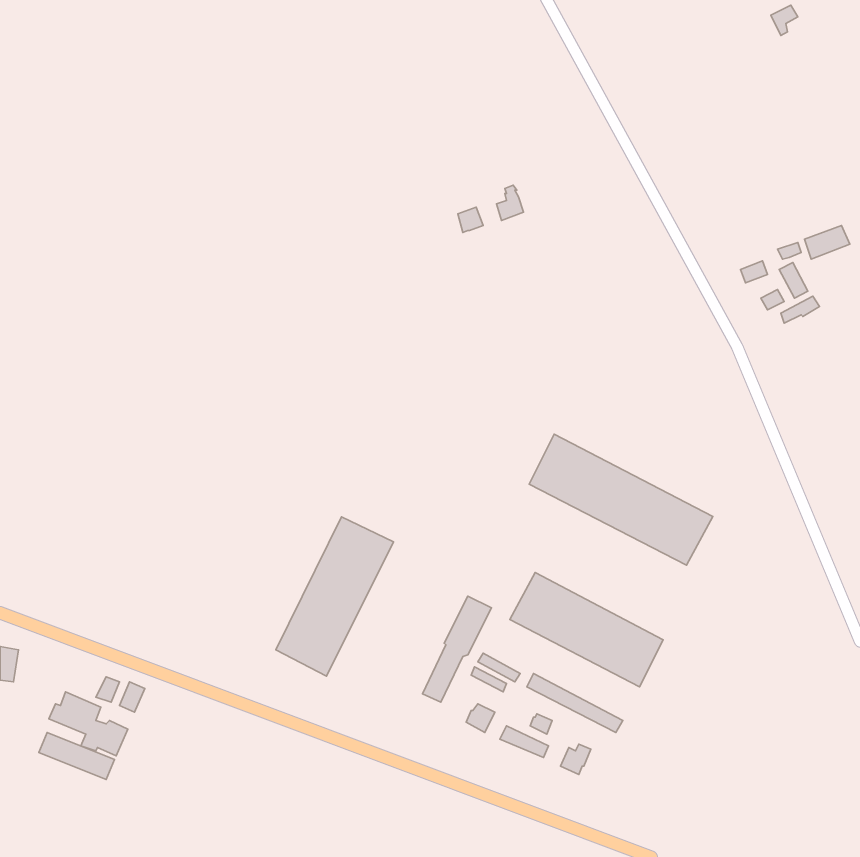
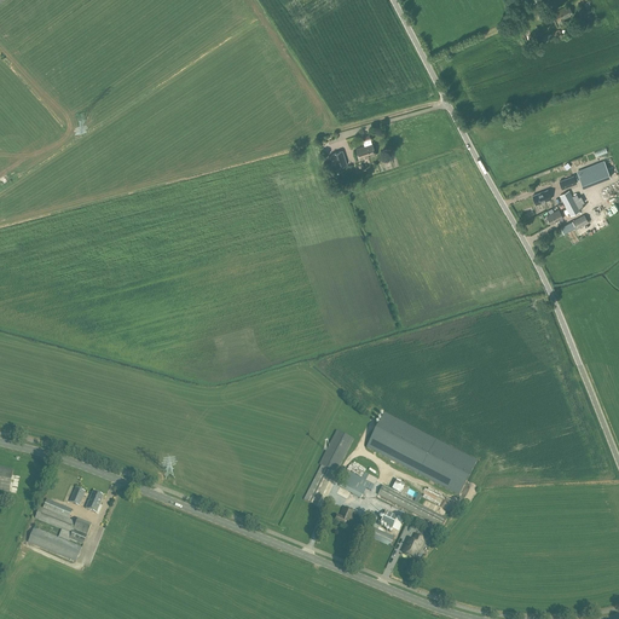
building: [529,434,713,565] -> none
building: [276,517,394,676] -> none

